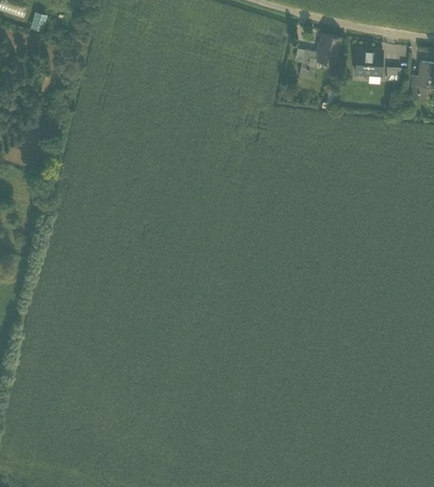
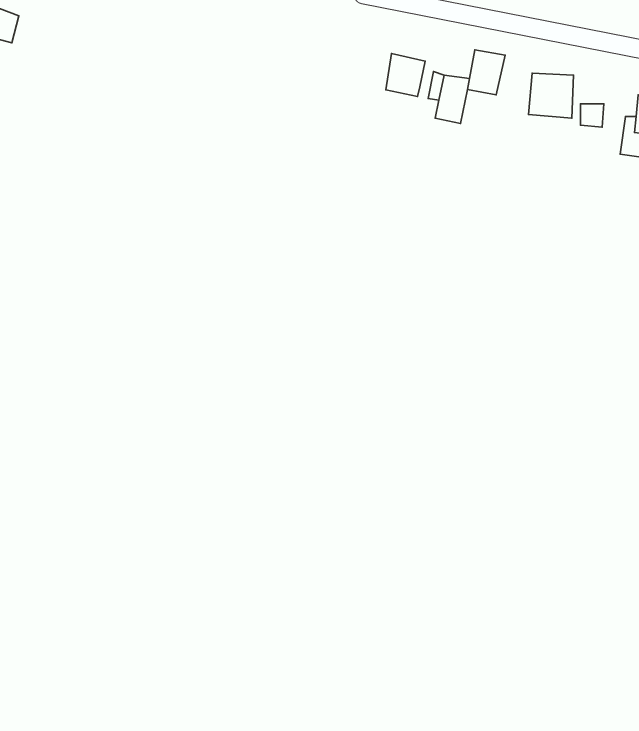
building: none -> [386,54,425,96]

